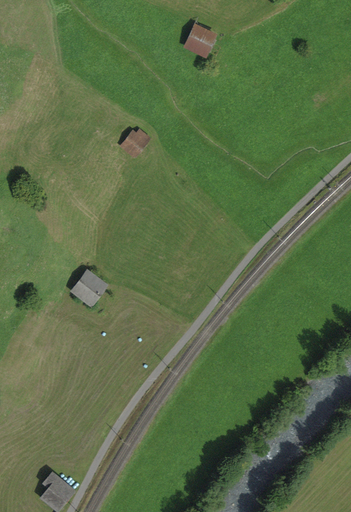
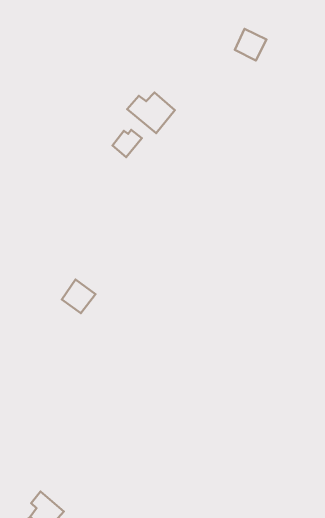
building: [185,25,215,55] -> [235,29,267,61]
building: none -> [127,92,175,133]

